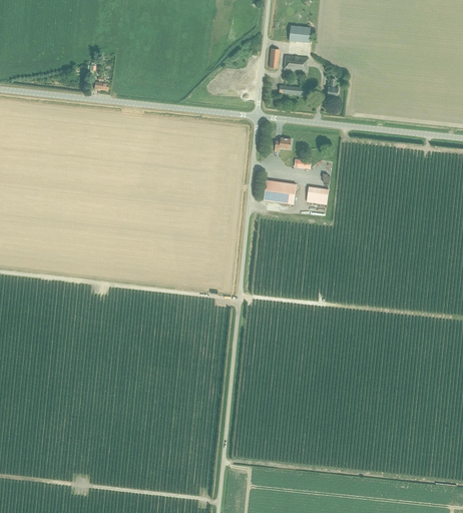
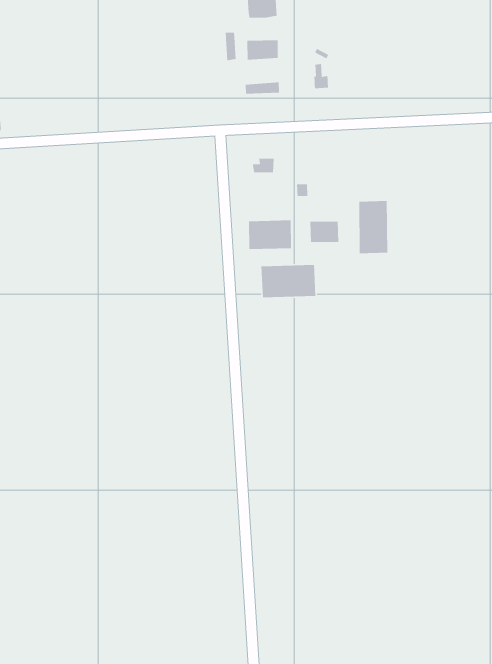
building: none -> [358,200,388,254]
building: none -> [261,264,316,298]

